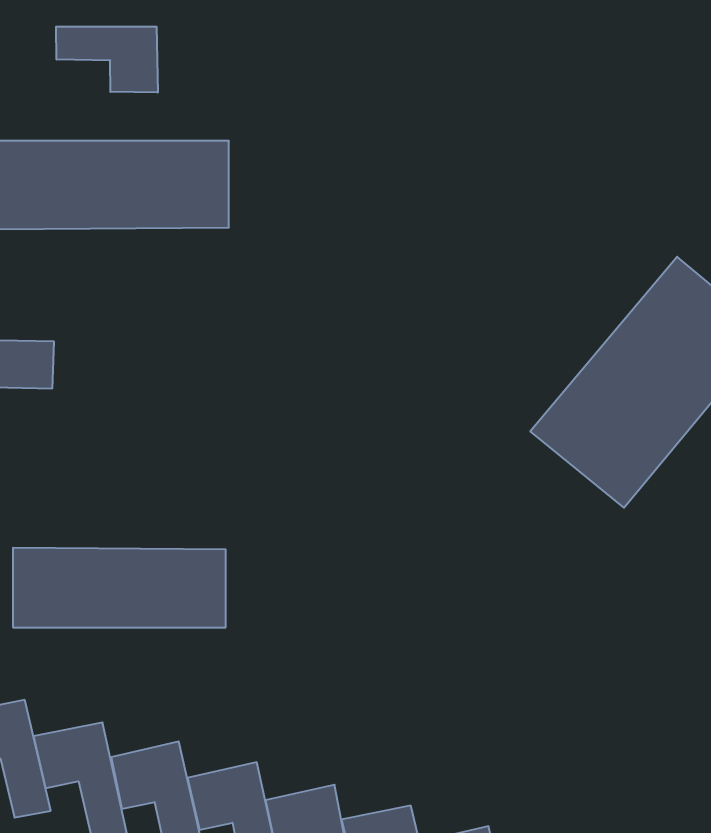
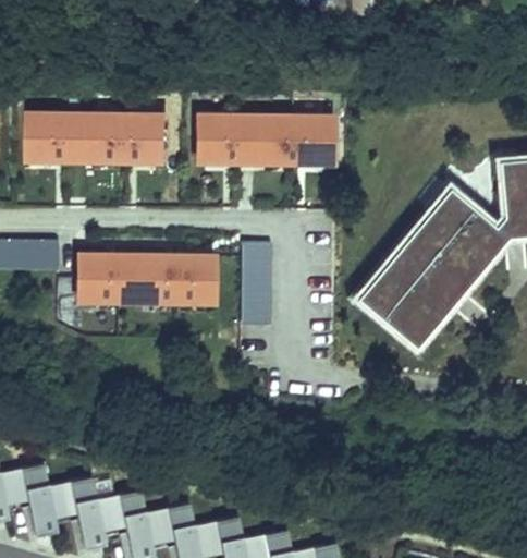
building: [56,27,158,93] -> none
building: none -> [196,110,334,162]
building: none -> [242,241,272,323]
building: [13,548,226,627] -> [79,256,213,306]

